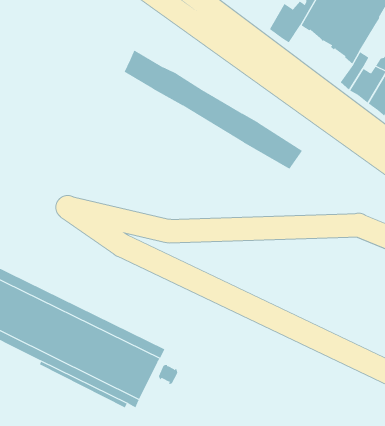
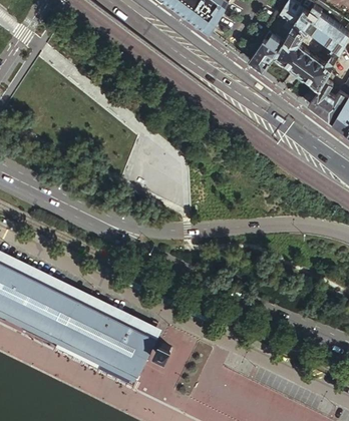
building: [124,49,303,169] -> none

